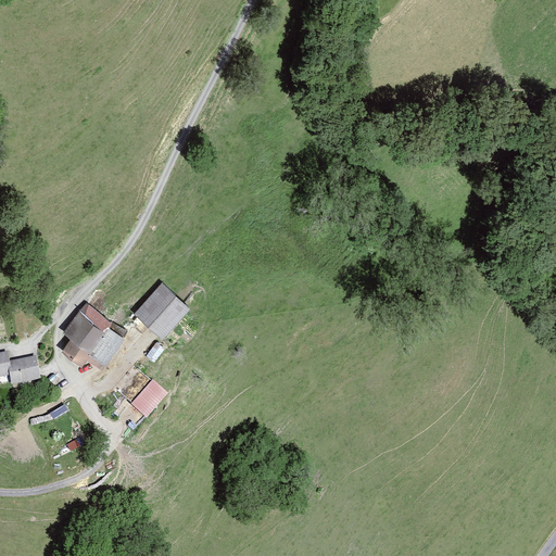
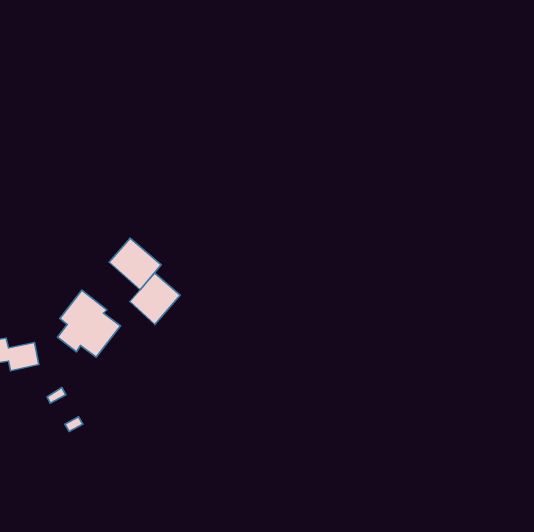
building: none -> [109,238,161,290]
building: [130,380,166,417] -> none

